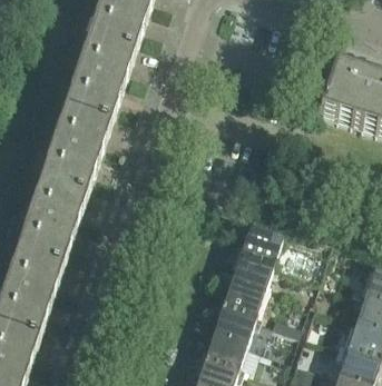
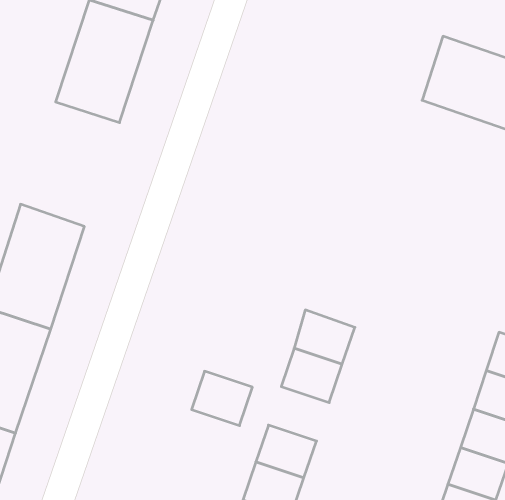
building: [40,106,109,192] -> none
building: [238,224,282,263] -> none
building: [213,304,255,342] -> [192,371,252,426]

